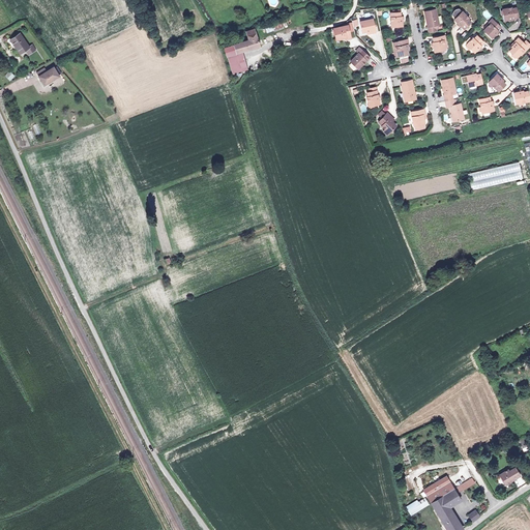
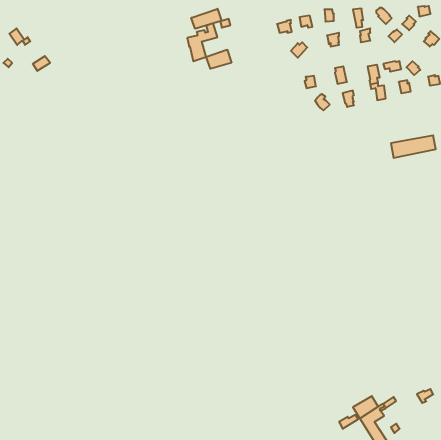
building: none -> [191,9,221,29]
building: none -> [206,50,231,69]

